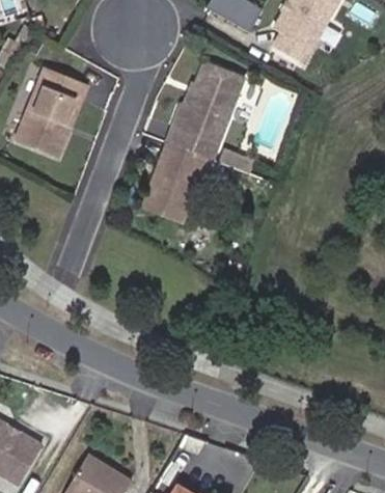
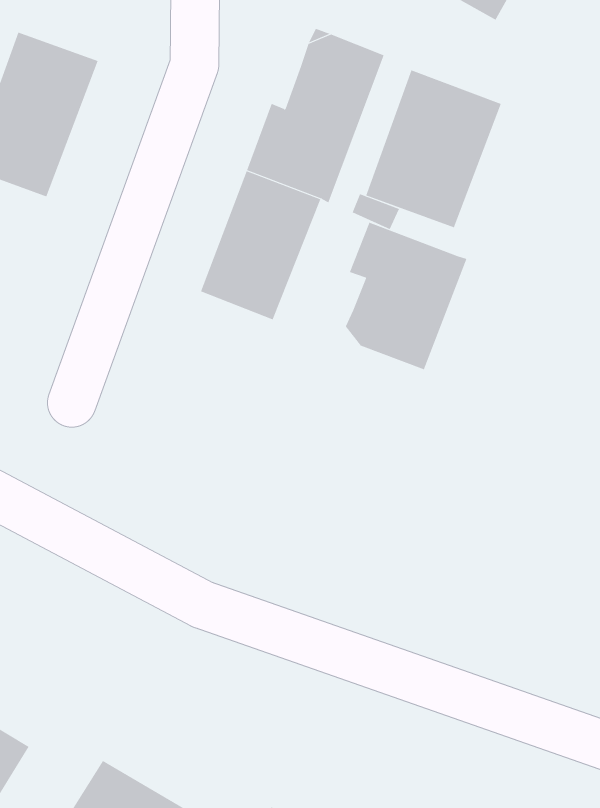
building: none -> [366,70,501,228]
building: none -> [345,222,467,370]

